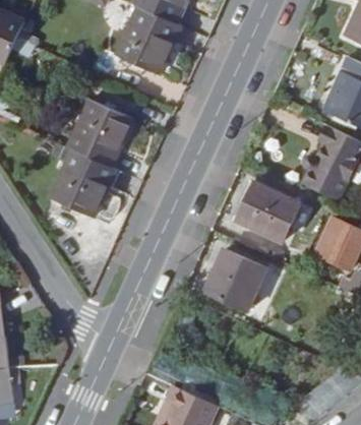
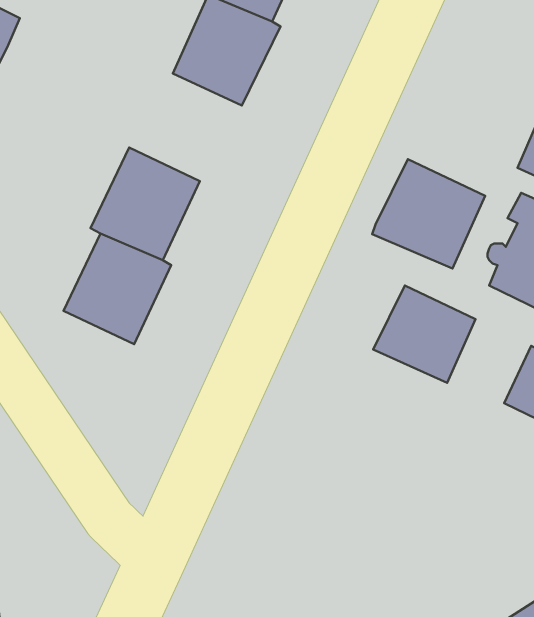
building: none -> [372,159,485,268]
building: [205,251,265,310] -> none

